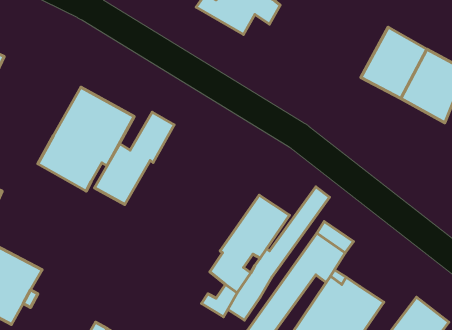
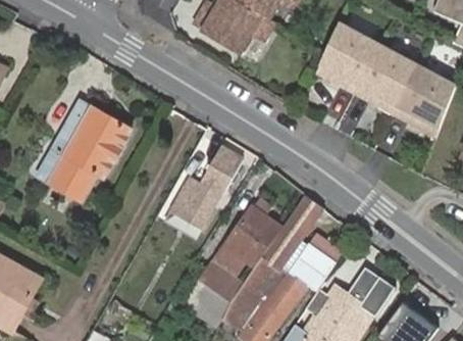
building: none -> [314,21,378,92]
building: [95,112,174,205] -> [166,147,244,237]
building: none -> [351,274,398,313]

